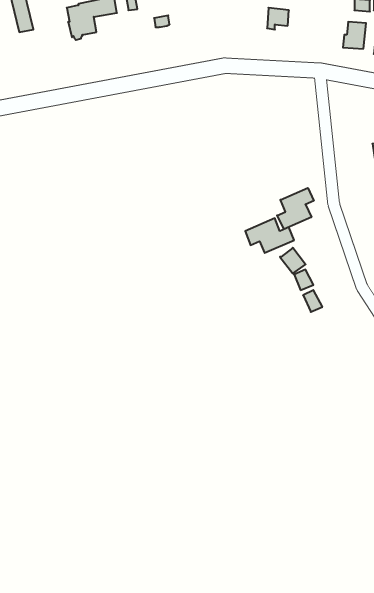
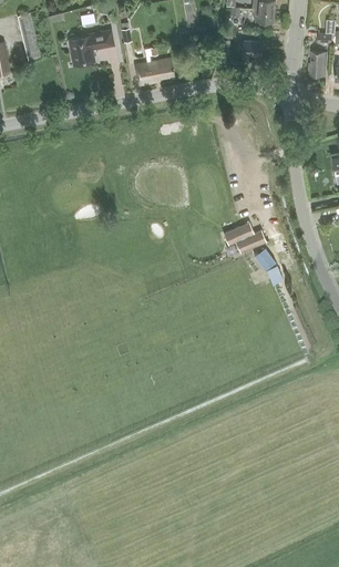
building: none -> [134,58,173,86]
building: [277,188,314,229] -> none

